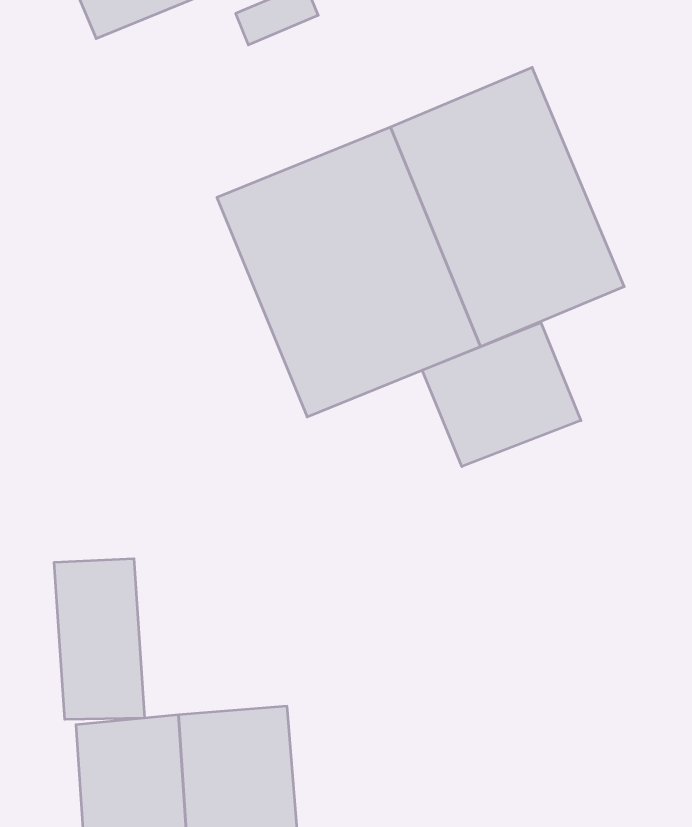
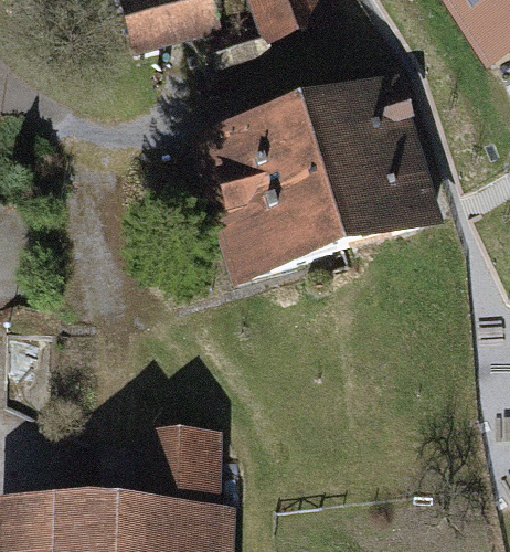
building: [422,323,581,467] -> none
building: [54,559,144,719] -> none

